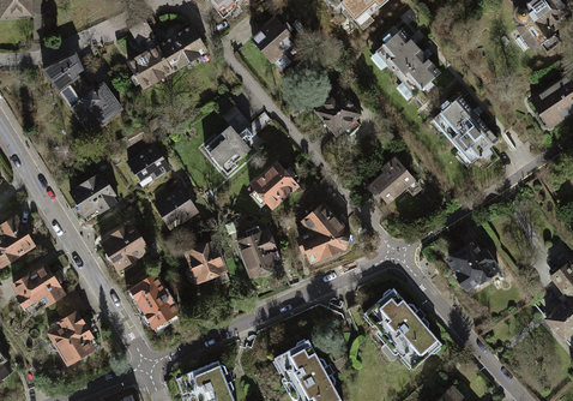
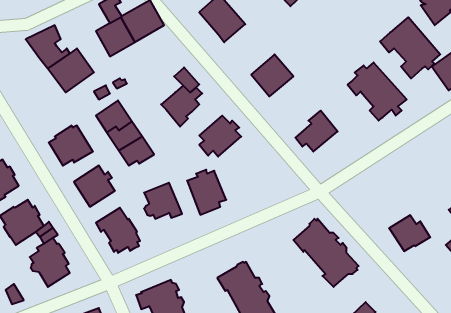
building: [370,30,442,103] -> [380,17,440,78]
building: [300,203,352,264] -> none
building: [448,243,497,286] -> [389,215,430,251]

